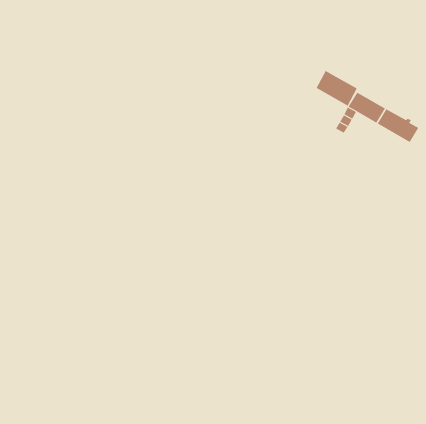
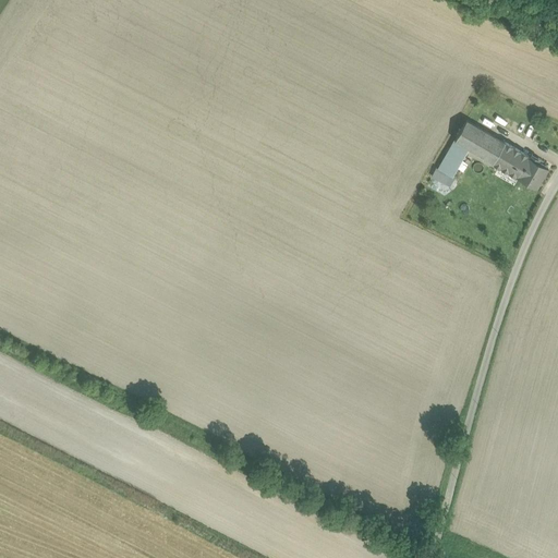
building: [316,70,358,106] -> none

